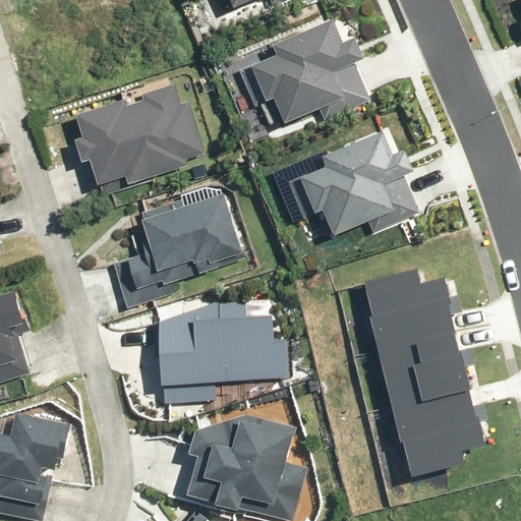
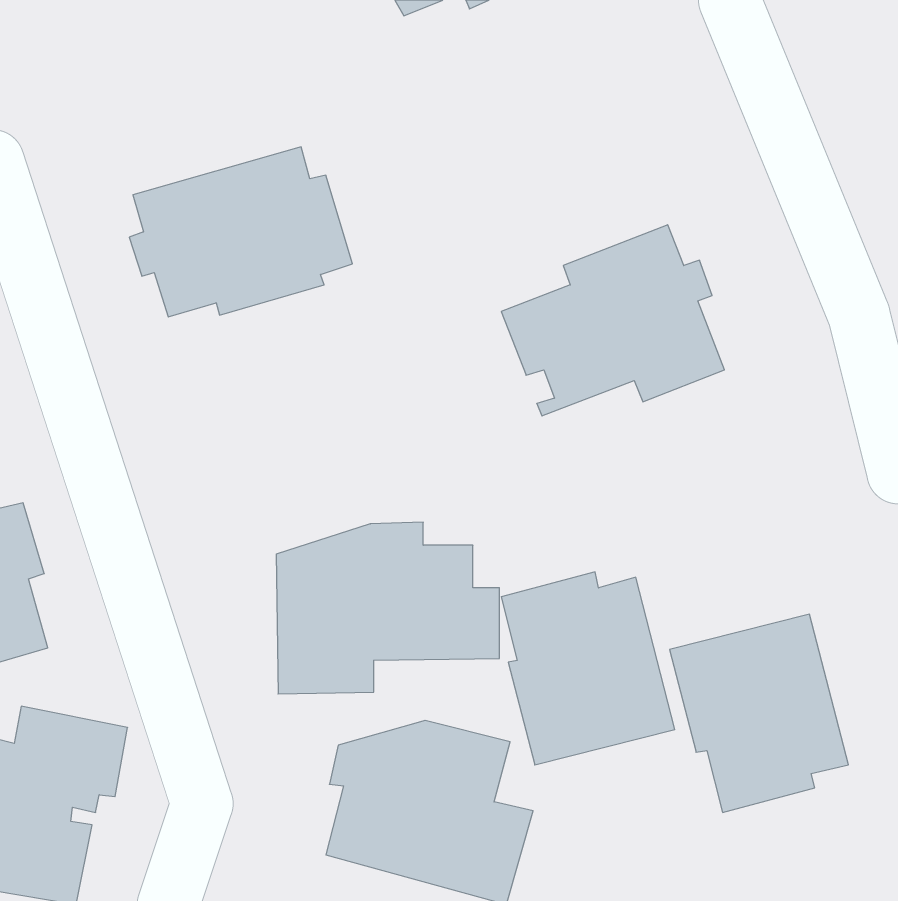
building: [235,19,369,122] -> none
building: [111,193,243,307] -> none
building: [365,265,465,375] -> [501,572,675,765]

